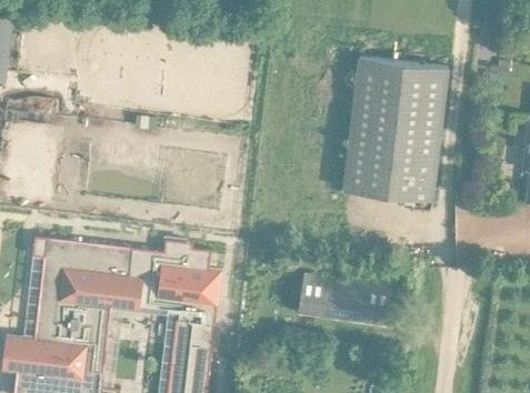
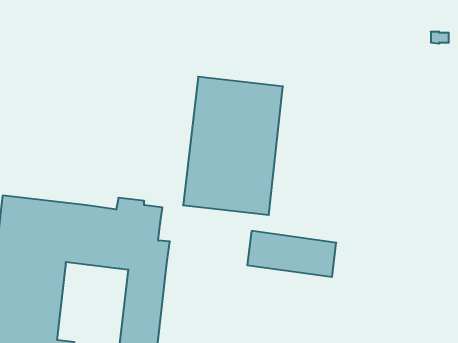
building: [342,59,446,202] -> [183,77,283,215]

